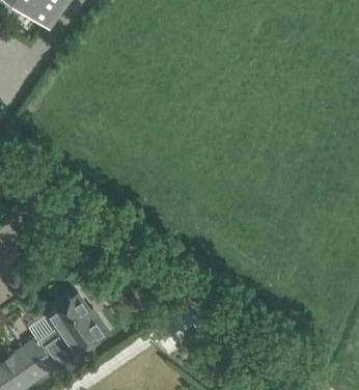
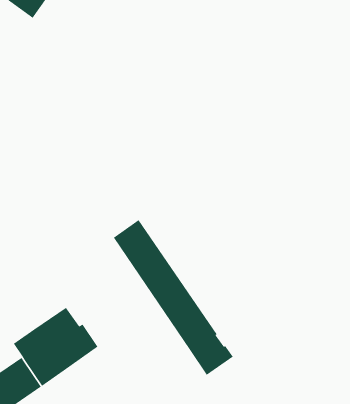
building: none -> [113,219,234,376]

